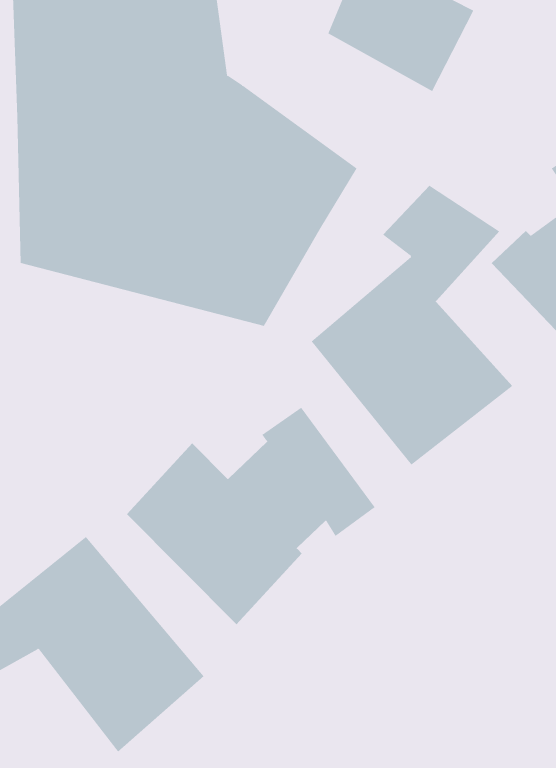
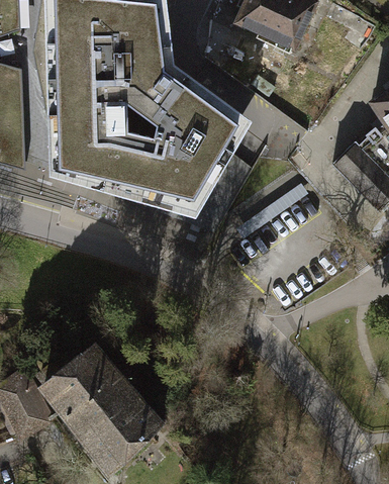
building: [311,185,513,465] -> none
building: [126,407,375,625] -> none

